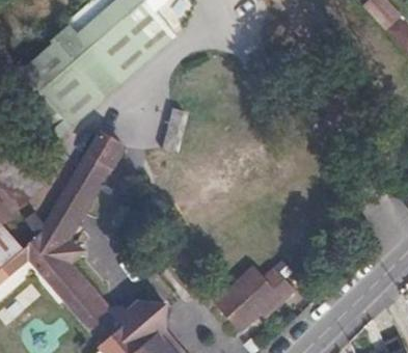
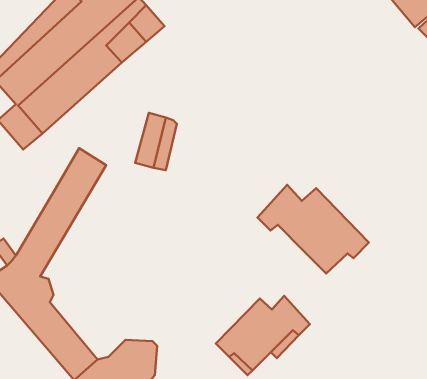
building: none -> [257,185,369,273]

